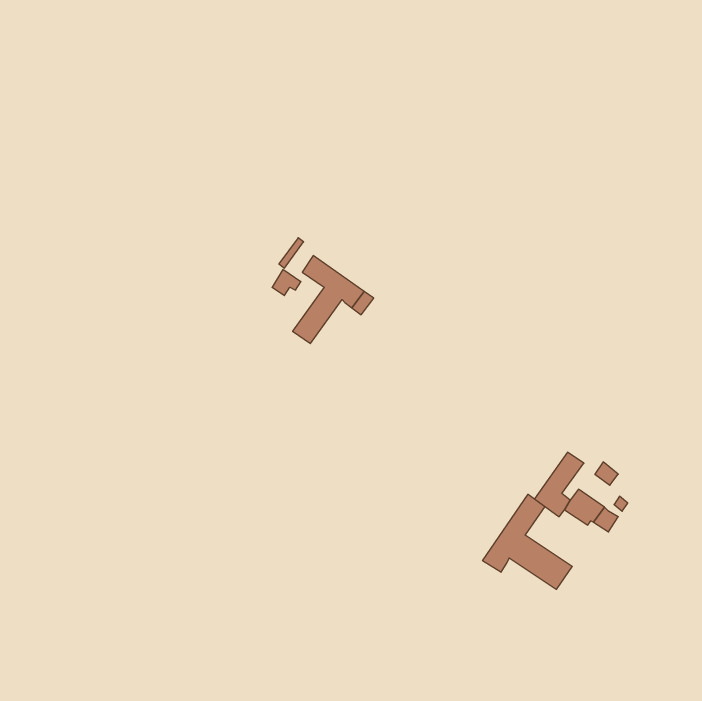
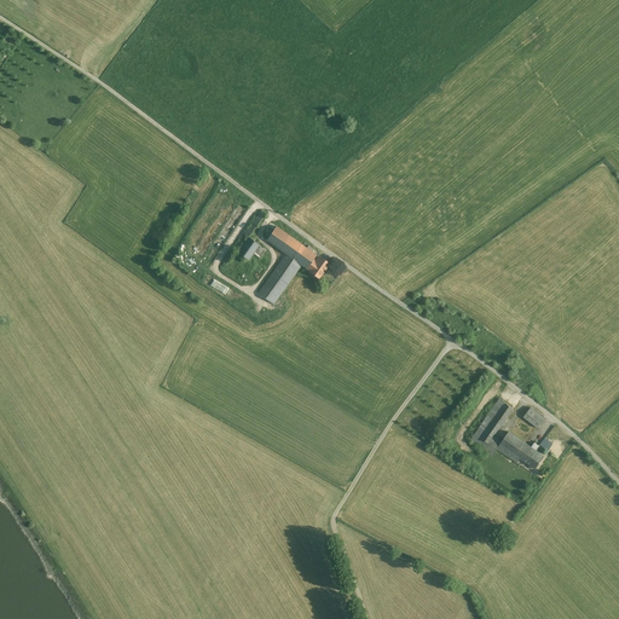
building: [483,494,572,589] -> none

